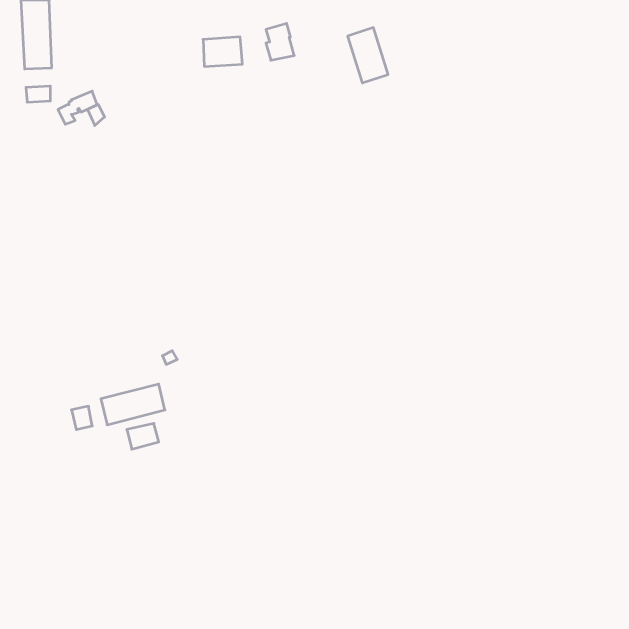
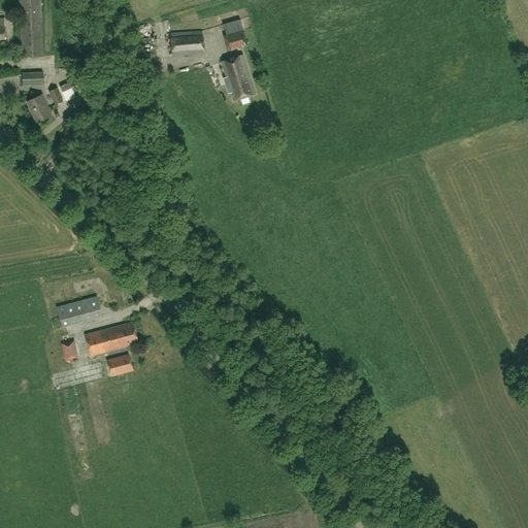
building: [348,28,388,83] -> [220,55,254,101]
building: none -> [27,95,52,123]
building: none -> [57,296,101,327]

